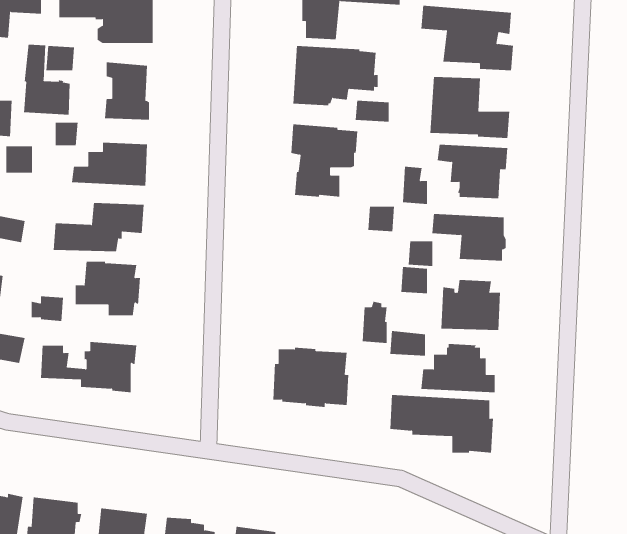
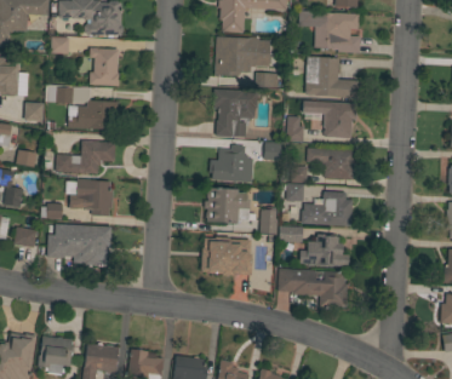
building: [23,44,70,115] -> none
building: none -> [210,145,254,183]
building: none -> [205,188,251,223]

